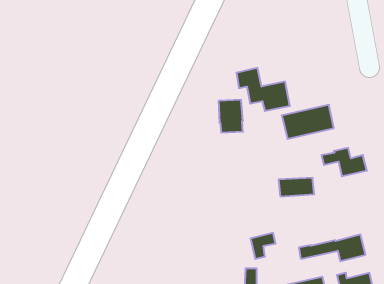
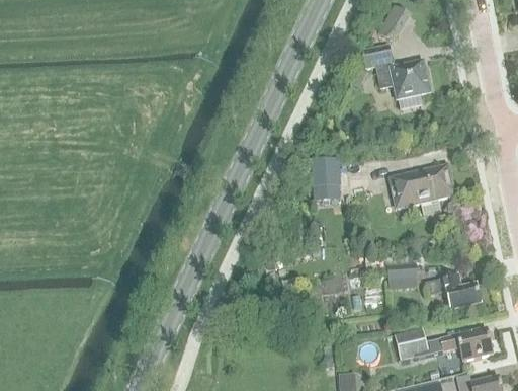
building: [236,68,290,111] -> [361,46,428,99]
building: [322,148,367,176] -> [424,275,481,310]
building: [250,233,276,259] -> [394,328,425,361]

